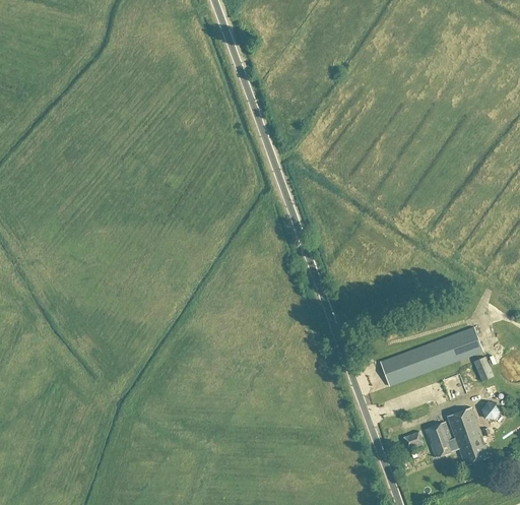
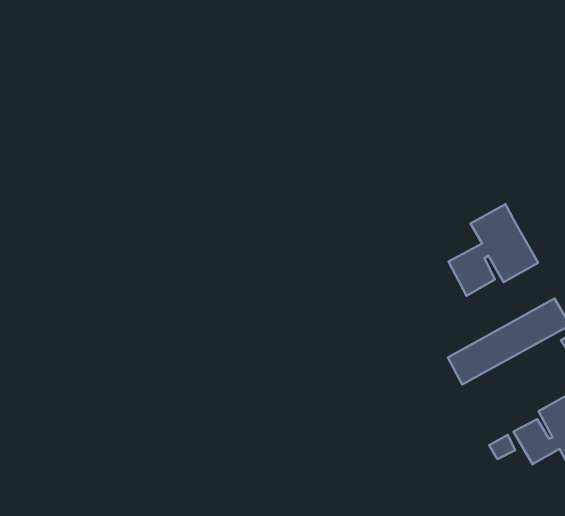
building: none -> [448,204,538,296]

